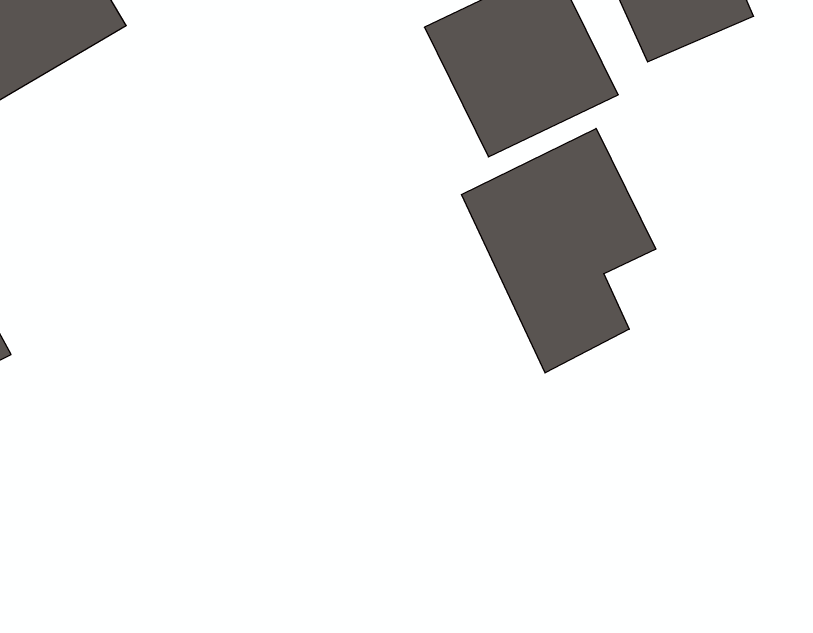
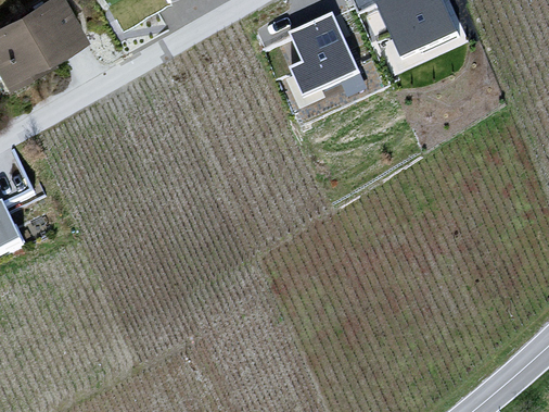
building: [462,128,656,373] -> none

